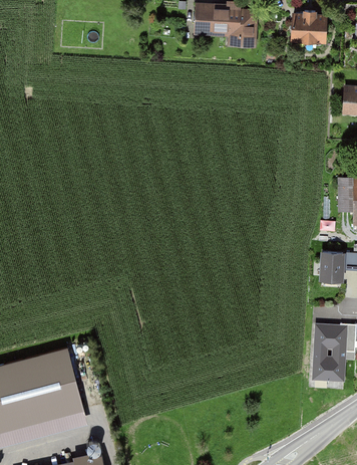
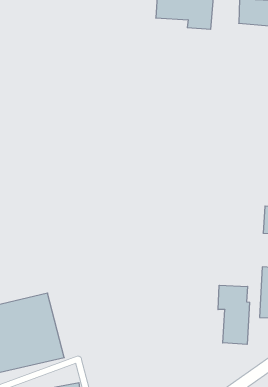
building: none -> [218,285,250,344]

